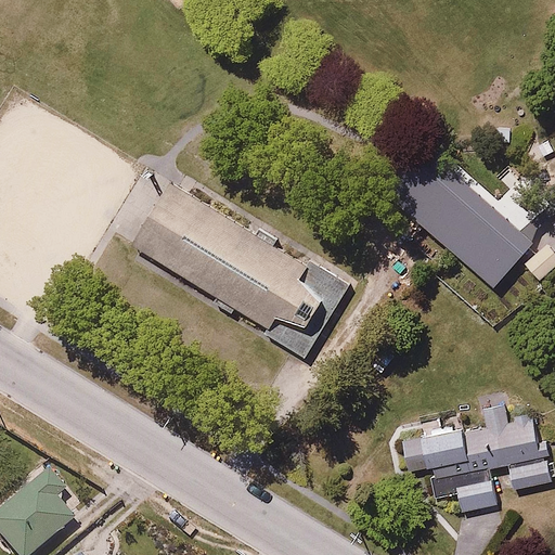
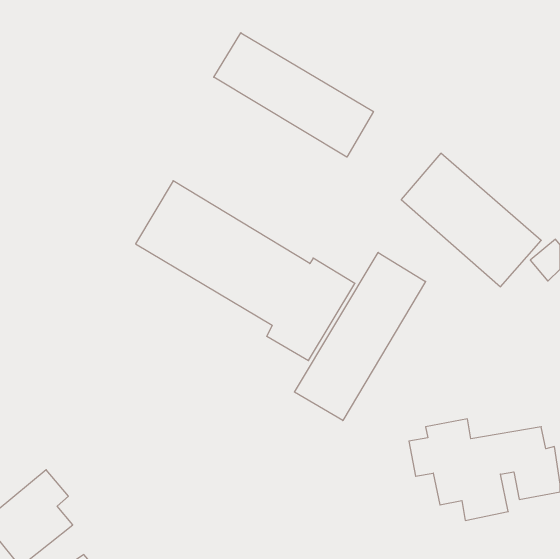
building: none -> [214,33,373,157]
building: none -> [294,252,426,421]

